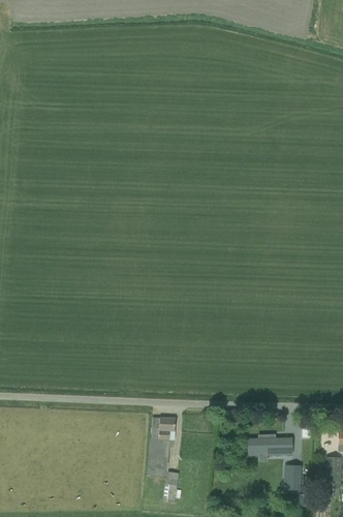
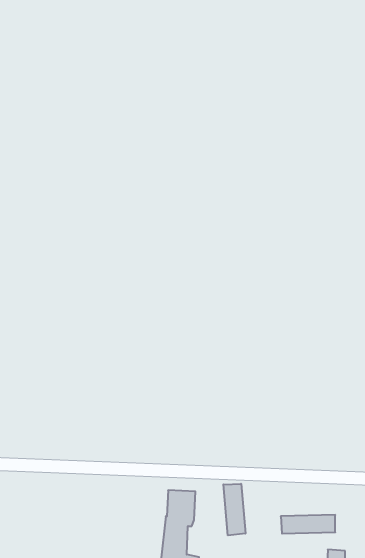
building: none -> [223,484,245,535]

